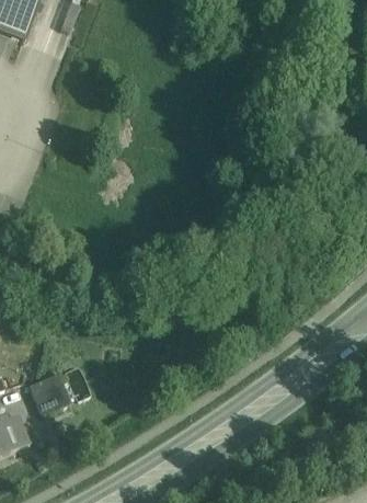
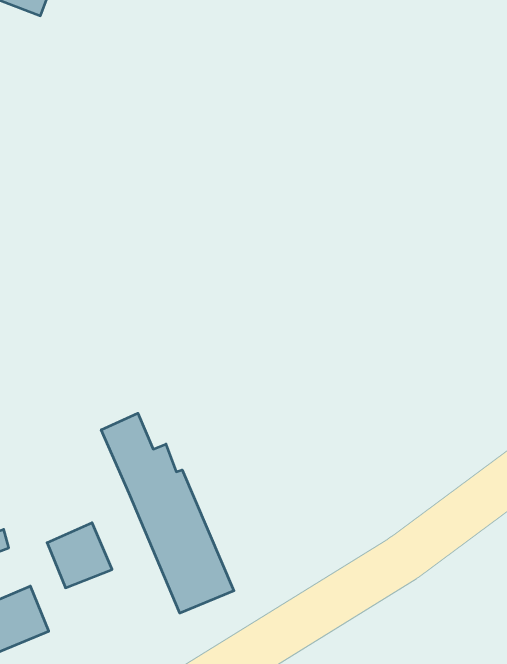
building: none -> [101,413,234,613]

